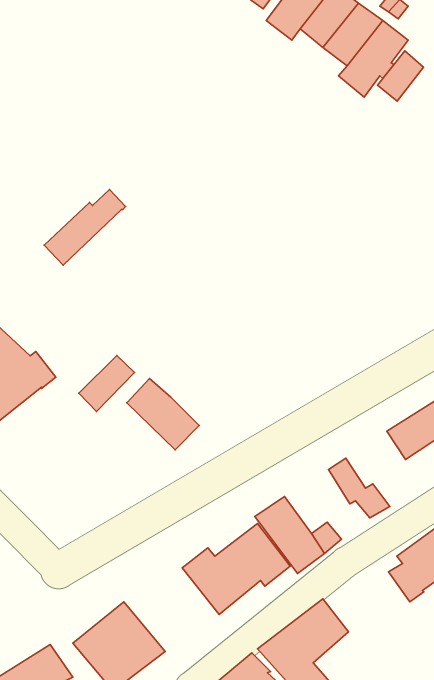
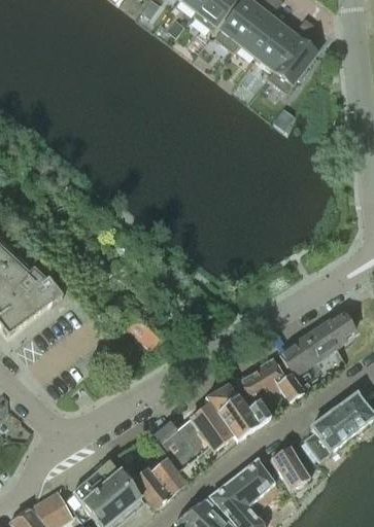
building: [378,51,424,101] -> none
building: [44,190,126,265] -> none
building: [79,355,135,412] -> none
building: none -> [279,337,316,373]
building: none -> [234,364,276,403]
building: none -> [270,446,309,489]
building: none -> [128,457,188,505]

